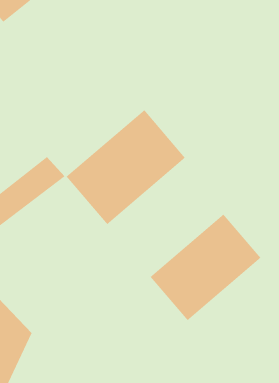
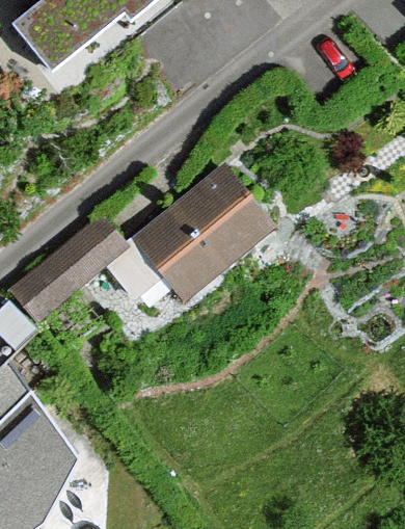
building: [150,214,262,321] -> none

